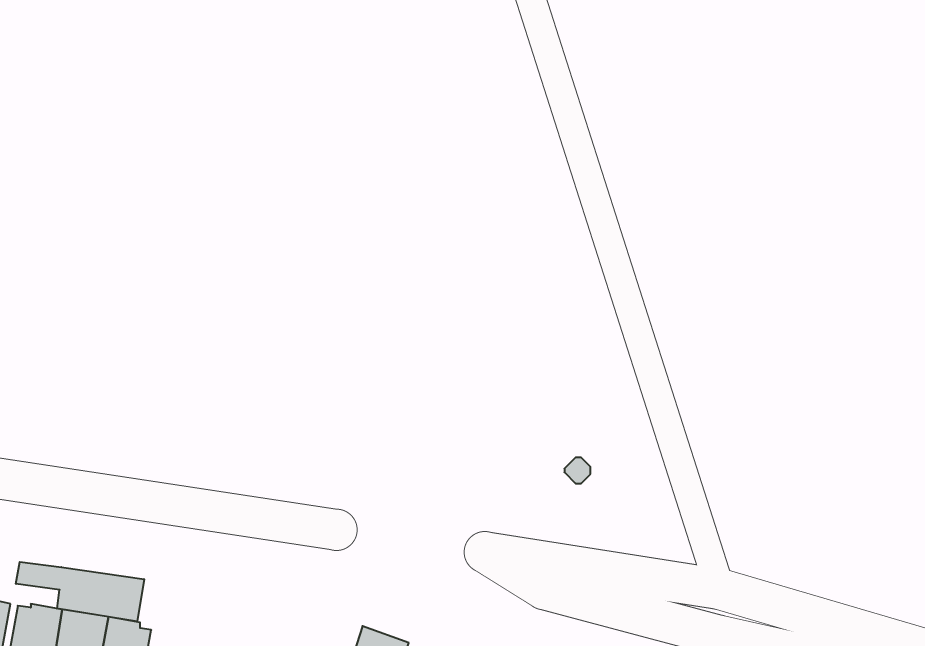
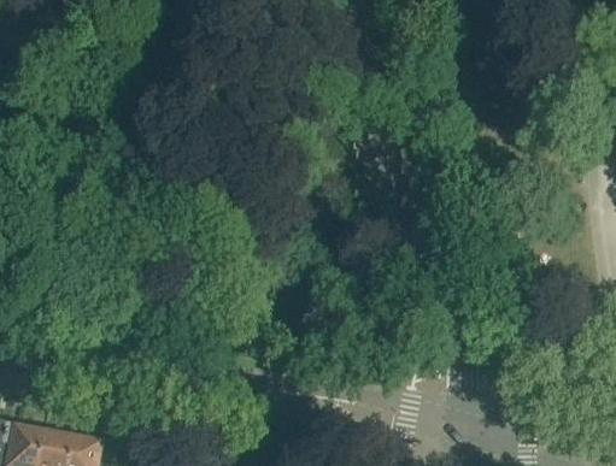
building: [16,562,144,622] -> none

